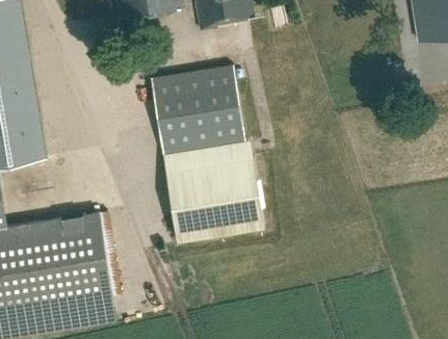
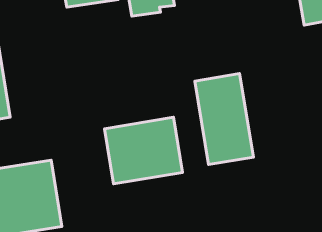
building: [150,64,245,155] -> none
building: none -> [195,73,253,165]

